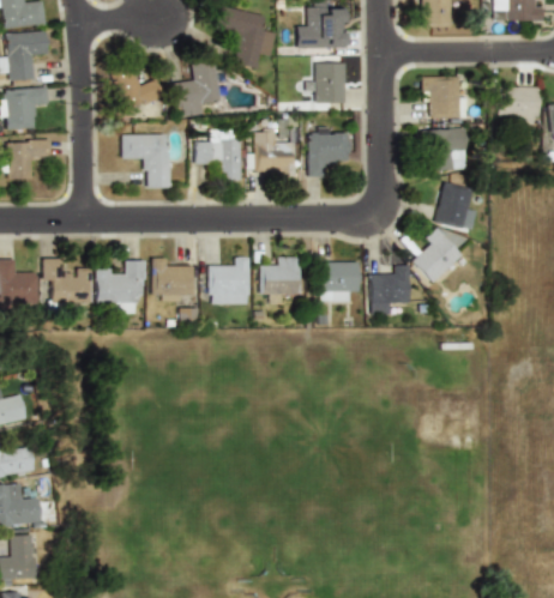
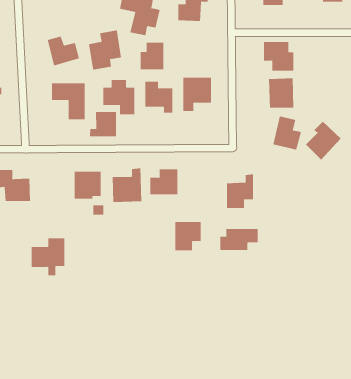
building: [312,64,347,103] -> [140,42,164,70]
building: [502,86,540,125] -> none
building: none -> [89,111,117,137]
building: [413,229,464,285] -> [305,121,341,160]
building: [97,260,146,314] -> [31,238,65,276]
building: [320,261,359,303] -> [174,221,201,251]
building: none -> [220,228,258,251]

